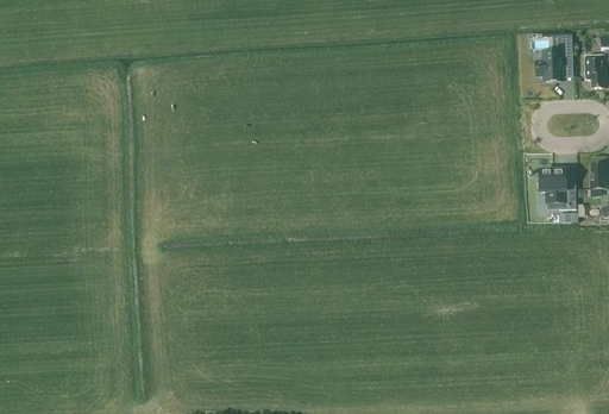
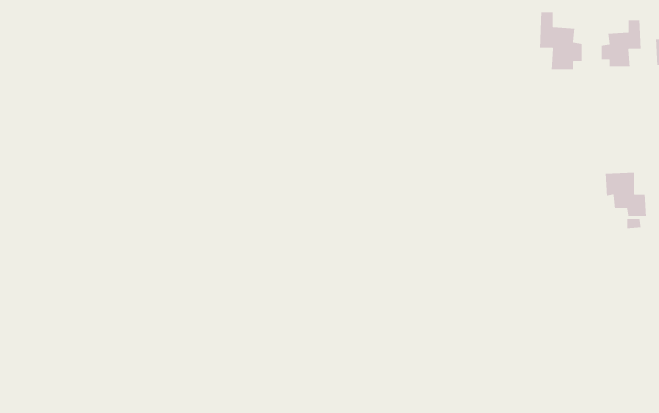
building: none -> [539,11,582,70]

